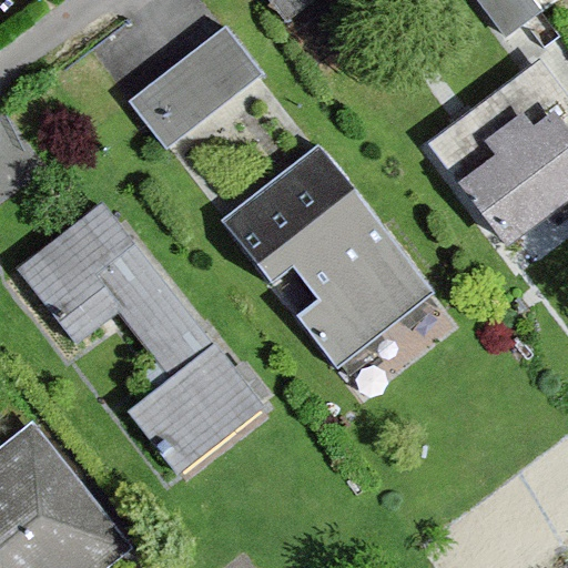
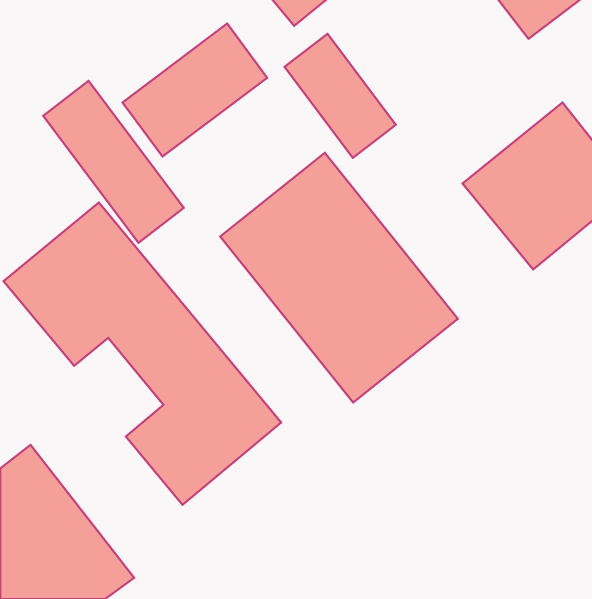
building: none -> [285,34,396,158]
building: none -> [43,81,184,243]

